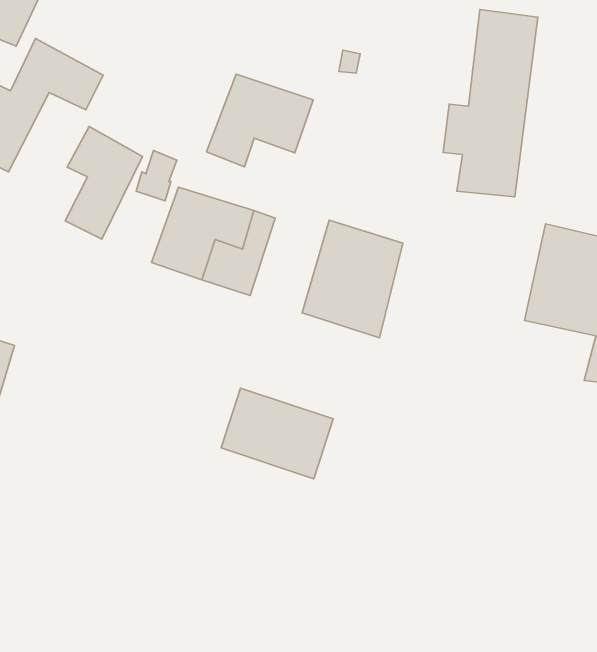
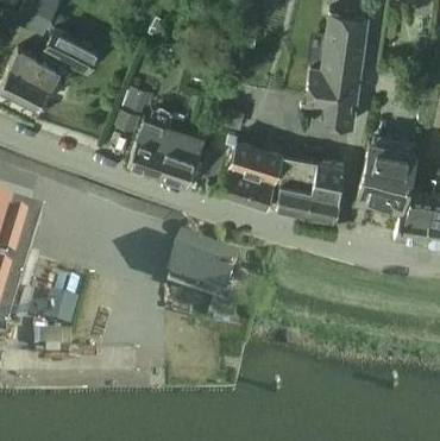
building: [206,74,313,167] -> none
building: [65,127,142,239] -> none
building: none -> [277,153,346,219]

